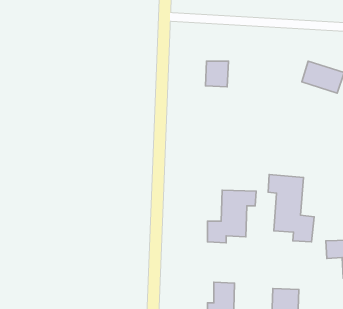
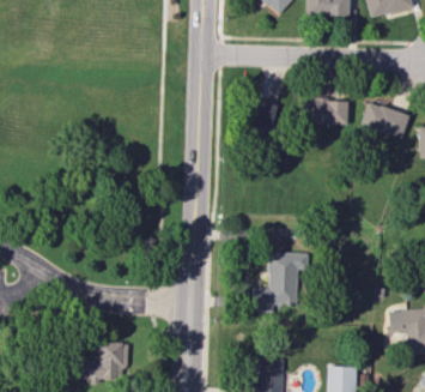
building: none -> [304,99,351,125]
building: [268,175,314,242] -> none
building: none -> [80,342,128,381]

